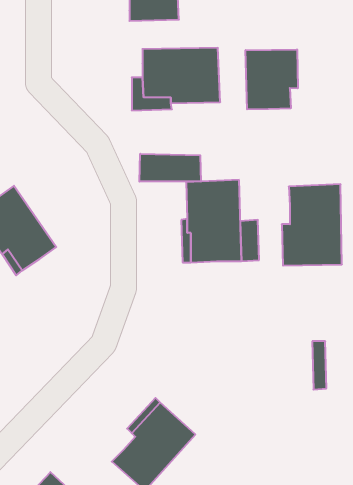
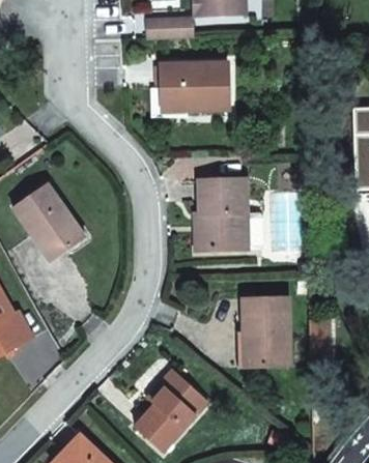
building: [246,49,298,109] -> none
building: [139,154,201,182] -> none
building: [282,184,342,266] -> [236,296,289,368]

